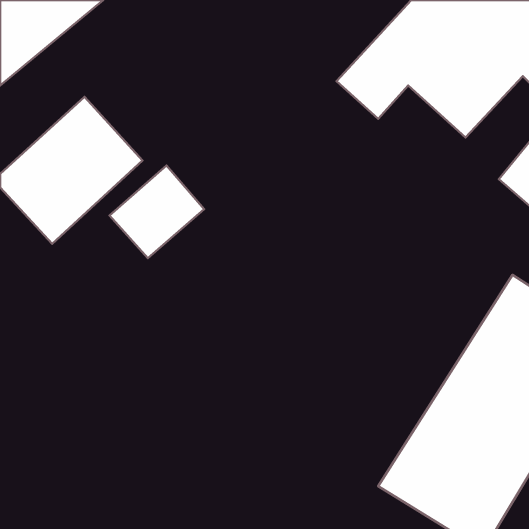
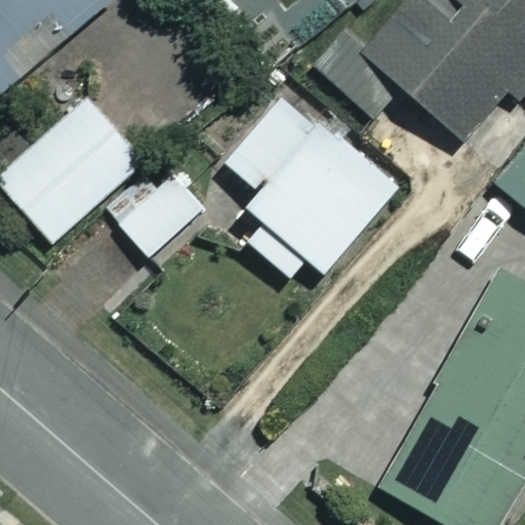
building: none -> [223,89,397,279]

